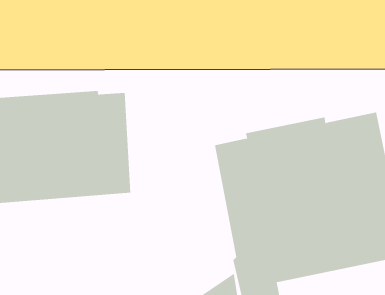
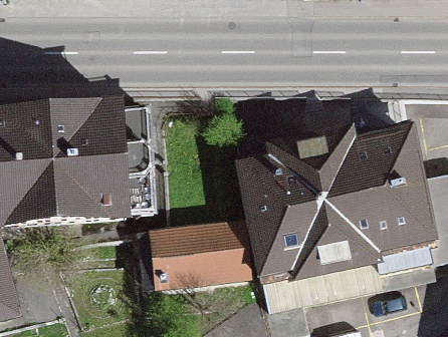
building: none -> [140,223,249,287]

